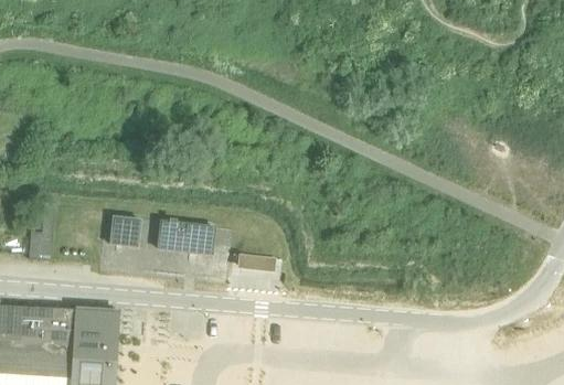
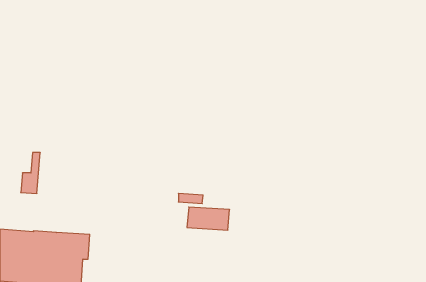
building: [110,216,140,246] -> none
building: [157,221,212,250] -> [187,207,230,230]

